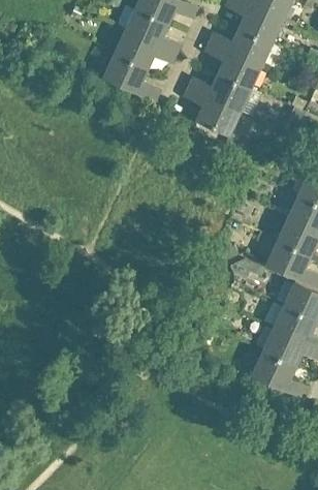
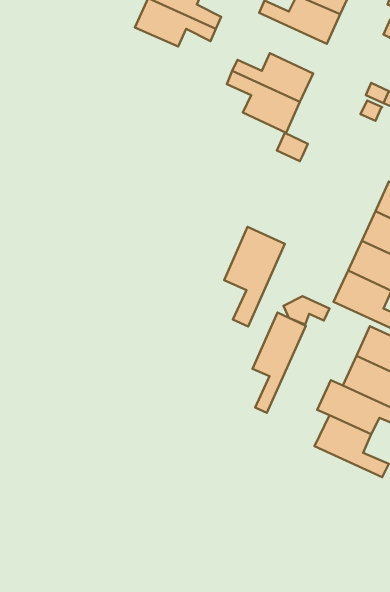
building: [205,42,261,89] -> none
building: [104,54,160,100] -> none
building: none -> [224,227,285,326]
building: none -> [252,313,306,413]

